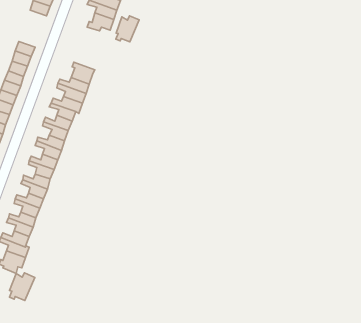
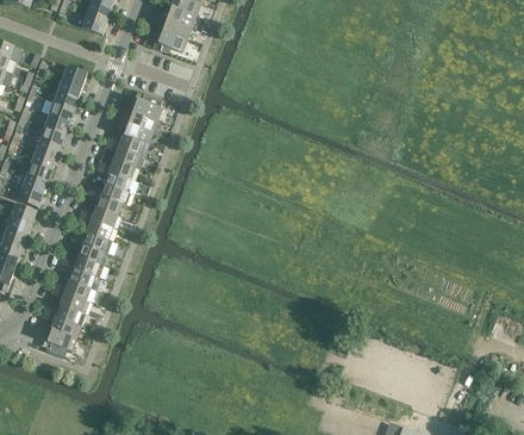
building: [116,16,139,42] -> none
building: [9,273,35,300] -> none

